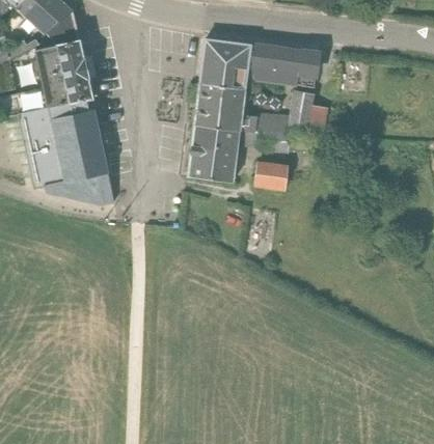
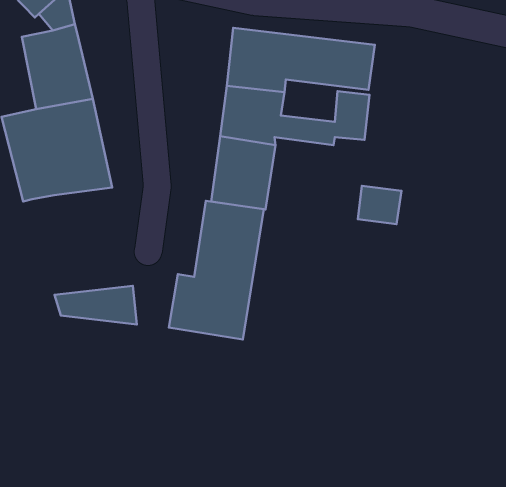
building: [253,162,289,193] -> [358,186,402,224]
building: [44,171,110,202] -> [54,286,137,325]
building: none -> [169,201,264,340]

